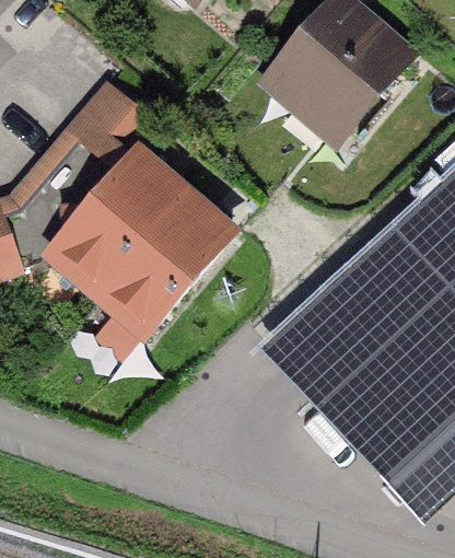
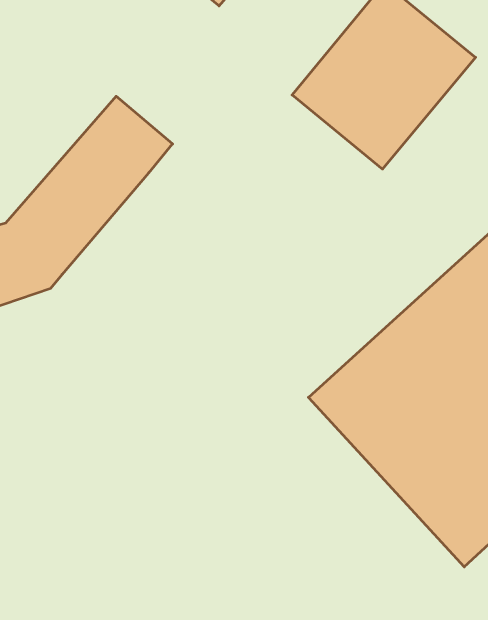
building: [49,152,230,334] -> none

